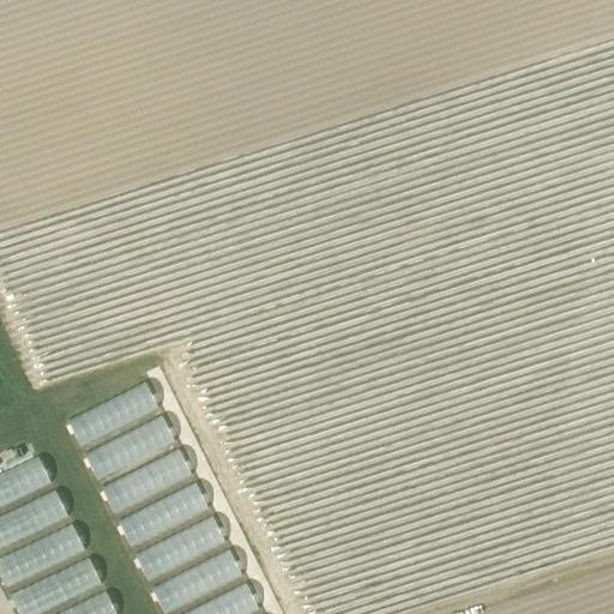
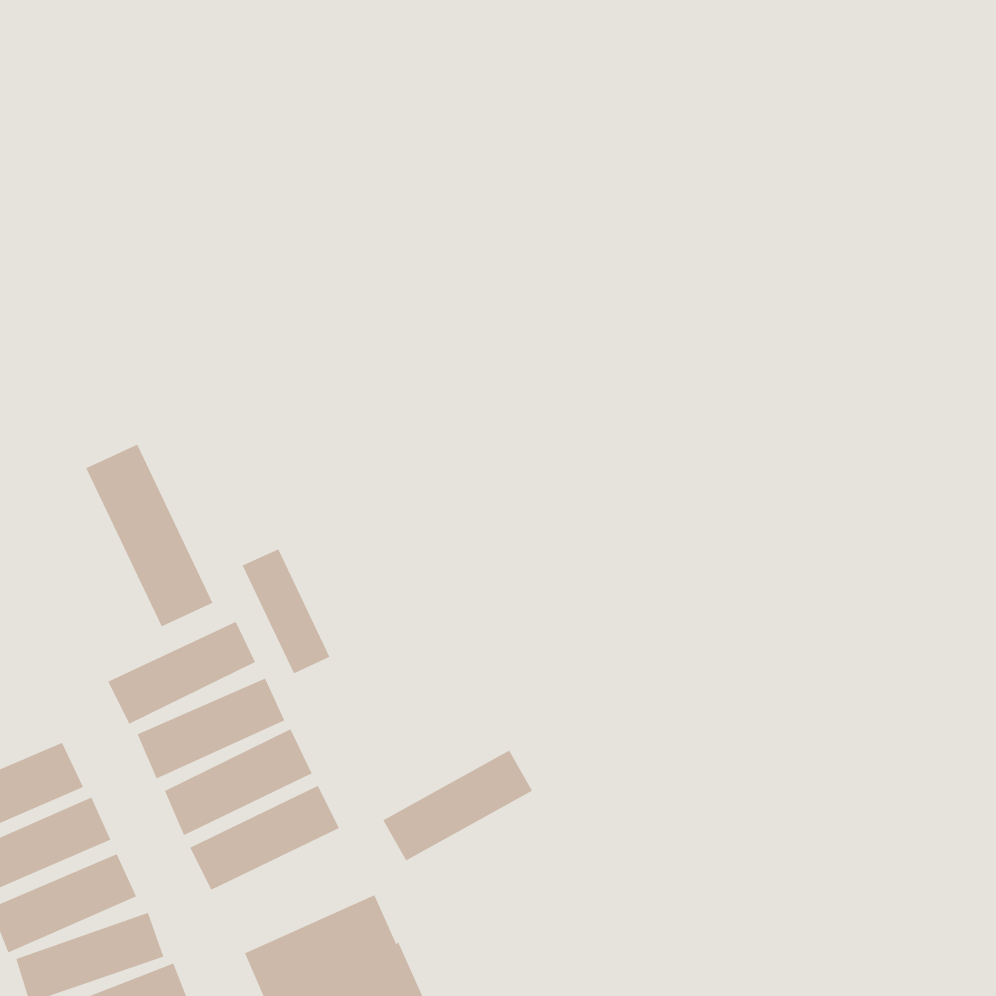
building: none -> [86,444,213,627]
building: none -> [242,548,330,674]
building: [133,514,225,583] -> [382,750,533,861]

